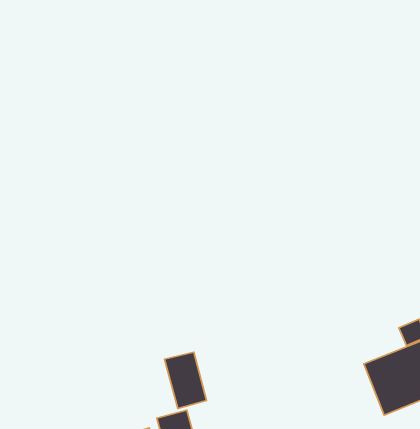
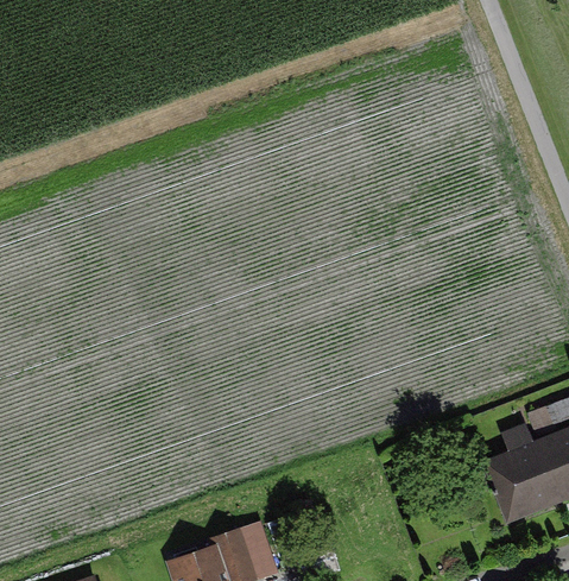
building: [165,352,207,408] -> none

